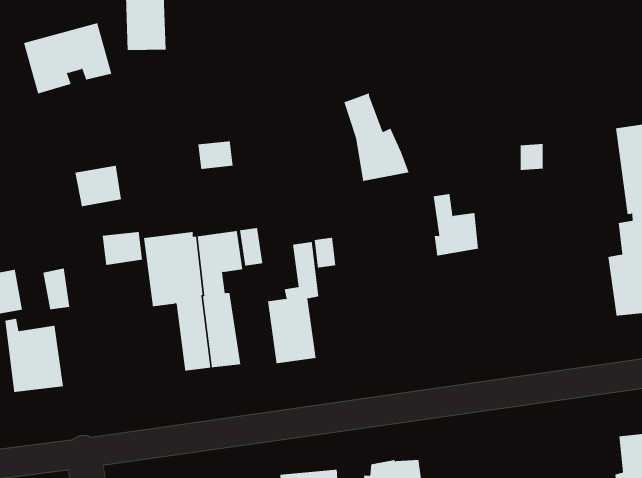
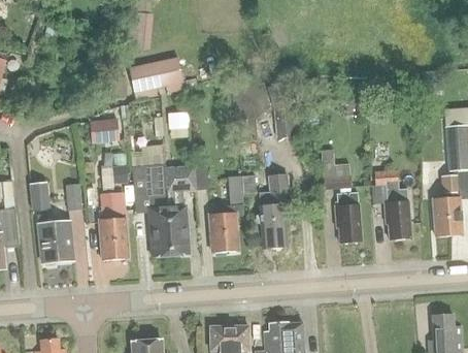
building: [23,23,112,94] -> [128,56,185,100]
building: none -> [371,169,411,239]
building: none -> [259,174,289,249]
building: none -> [335,191,361,244]
building: none -> [99,194,129,260]

